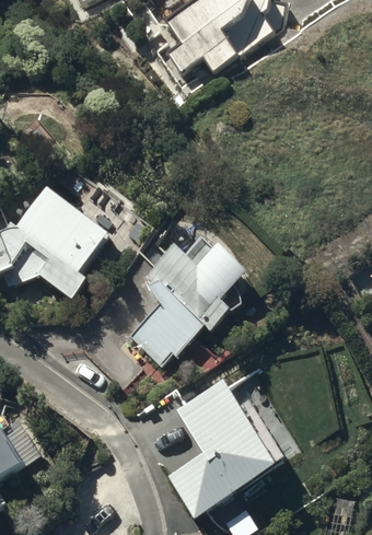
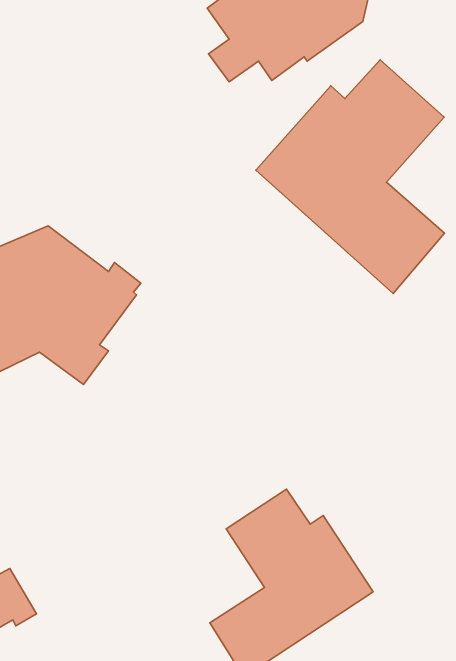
building: none -> [256,60,444,293]
building: [128,237,247,364] -> none

